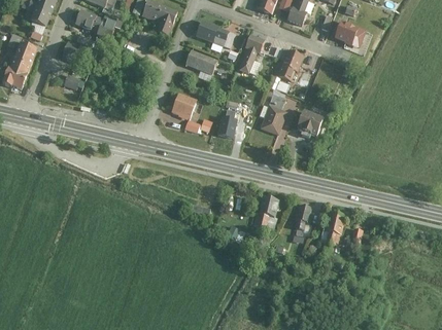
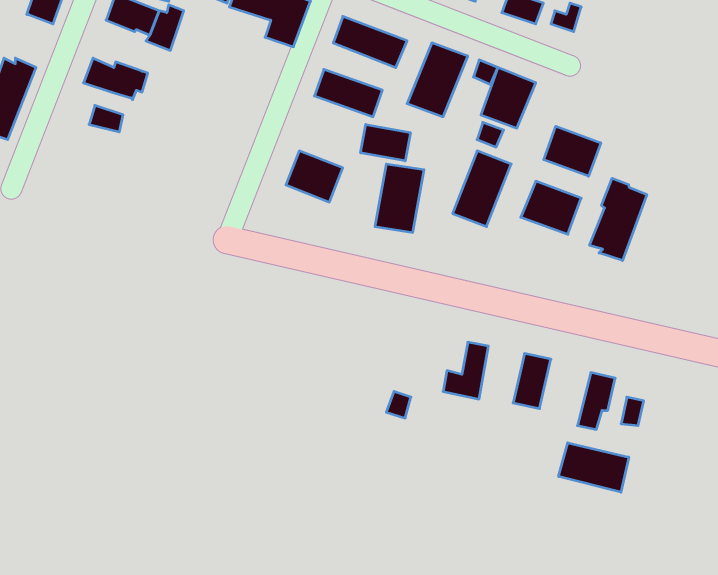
building: [335,20,363,44] -> none
building: none -> [361,124,410,161]
building: none -> [544,126,601,176]
building: none -> [590,178,647,261]
building: none -> [559,443,629,492]

